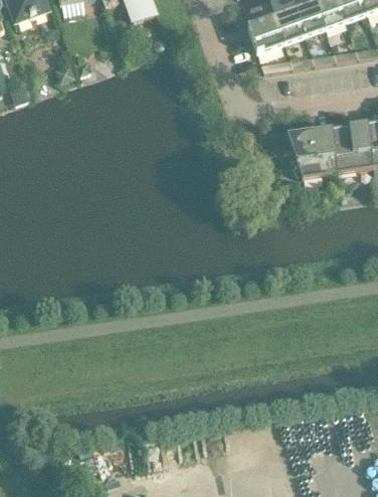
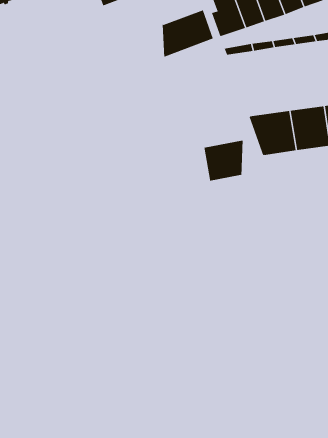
building: none -> [162,10,214,58]
building: none -> [204,139,243,181]

